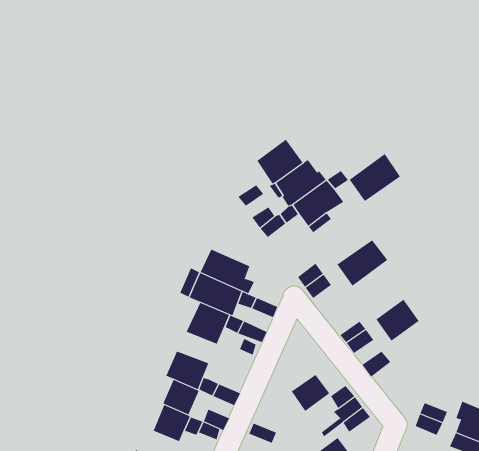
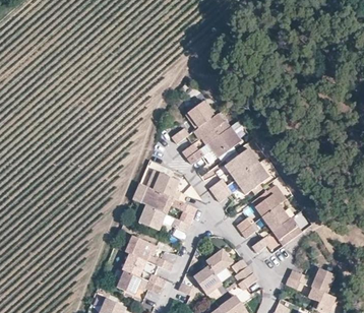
building: [349,153,401,202] -> [225,148,258,180]
building: none -> [250,184,285,215]
building: none -> [270,215,301,245]
building: none -> [192,265,221,292]

